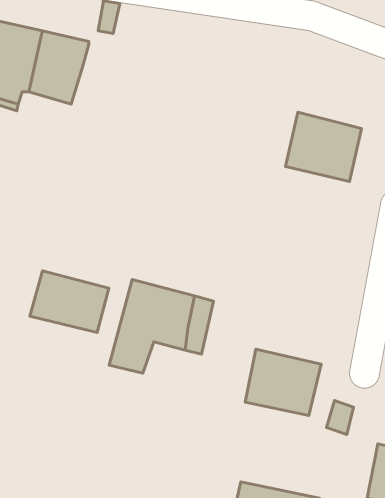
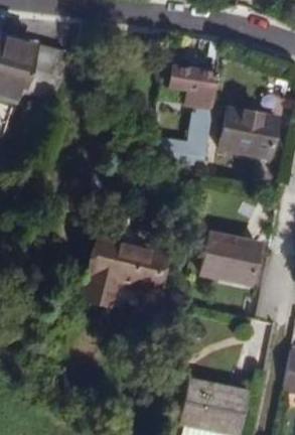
building: none -> [146,65,219,165]
building: [30,271,109,333] -> none
building: [245,349,321,416] -> [201,235,258,284]

